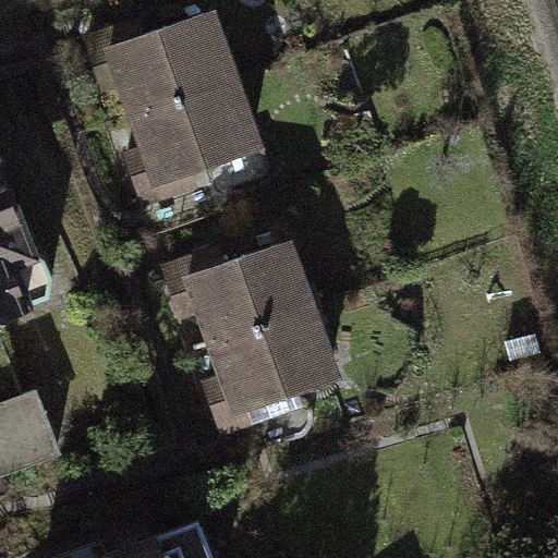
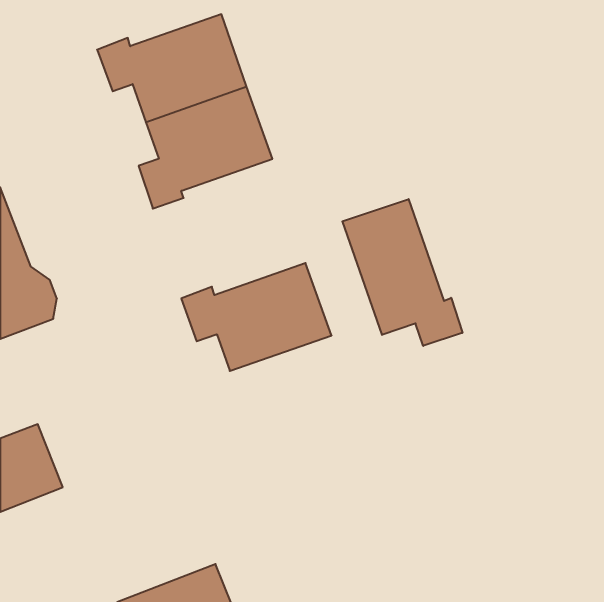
building: none -> [342,199,462,346]
building: [206,312,329,424] -> none

